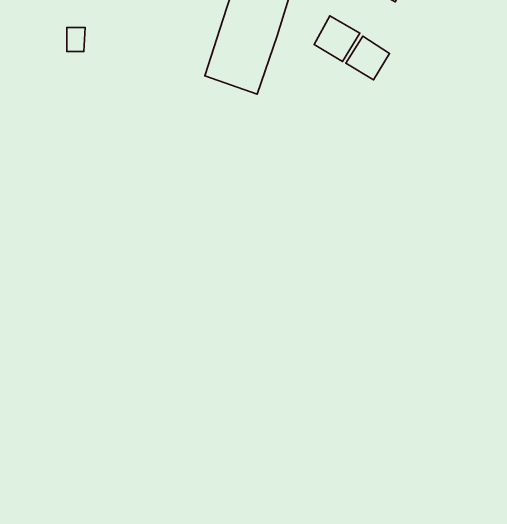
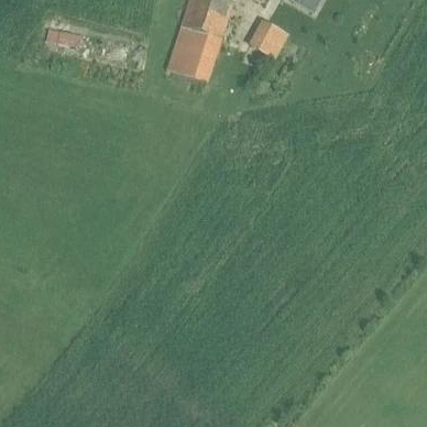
building: [346,36,389,80] -> none

